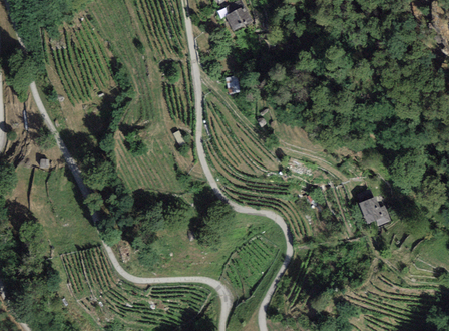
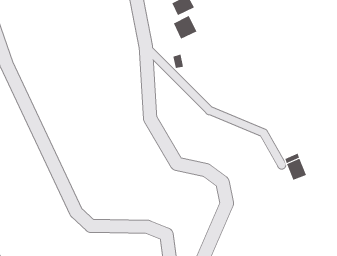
building: none -> [173,15,197,39]

